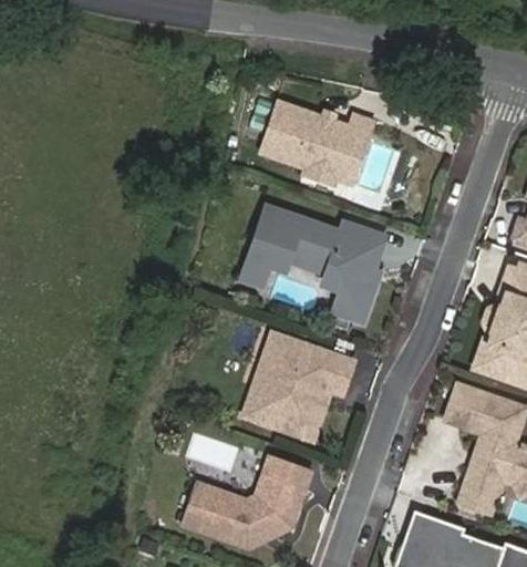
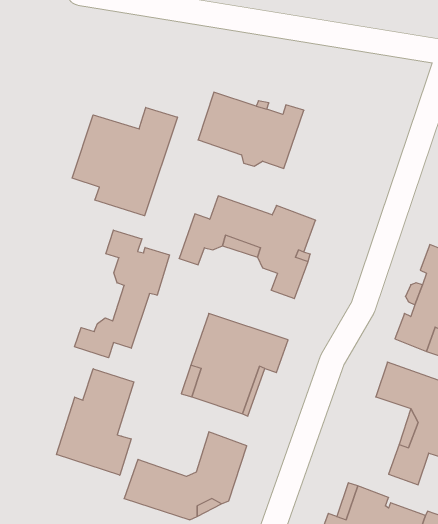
building: none -> [72,107,177,216]
building: none -> [74,230,170,358]
building: none -> [57,369,134,475]

